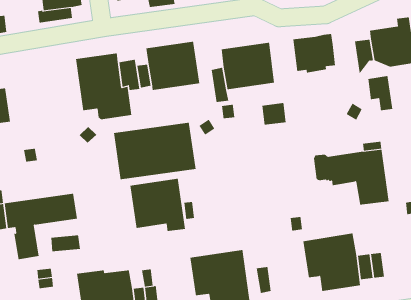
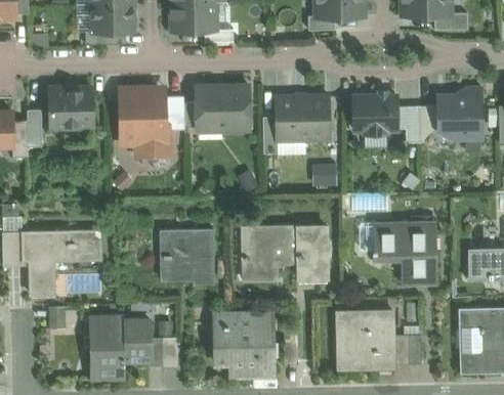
building: none -> [48,88,93,127]
building: [367,75,393,111] -> [396,106,420,143]
building: [113,122,196,180] -> [243,227,327,279]

